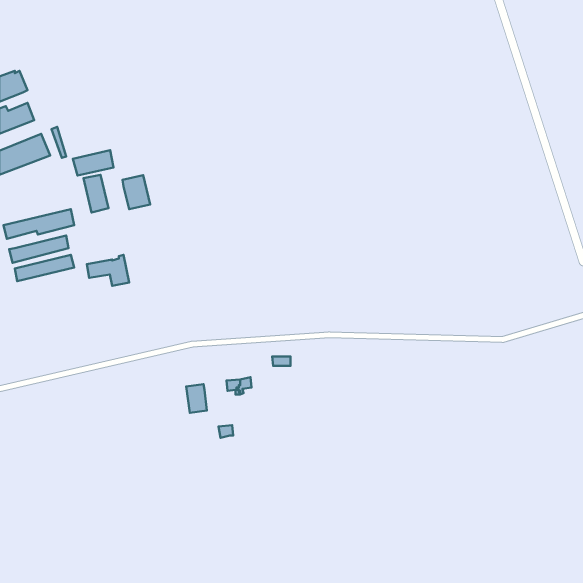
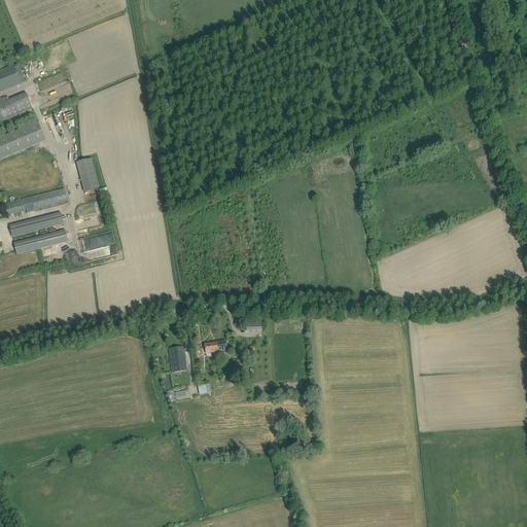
building: [73,150,113,176] -> none
building: [122,175,150,209] -> none

